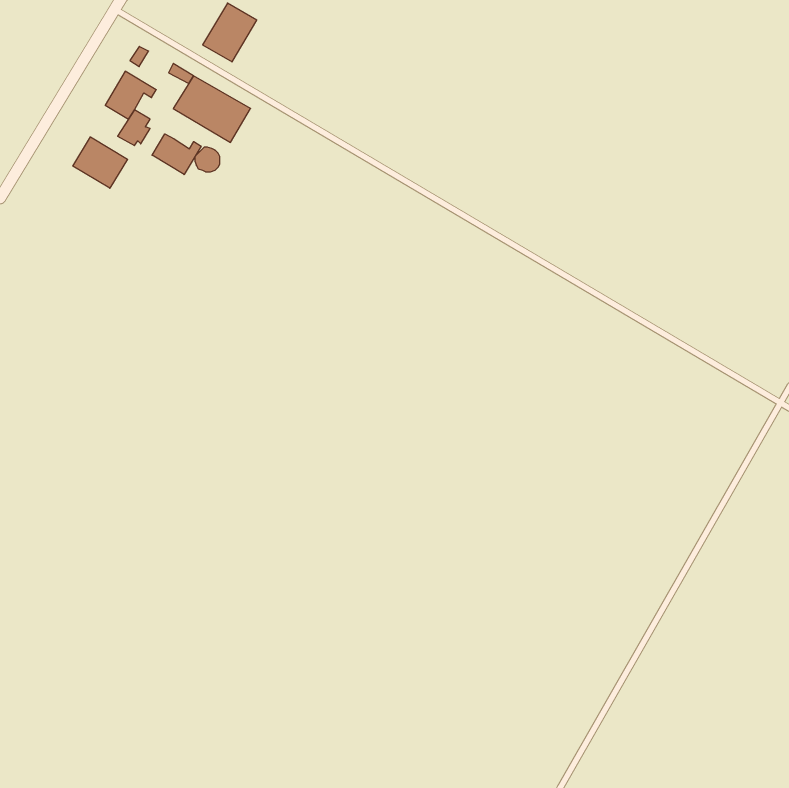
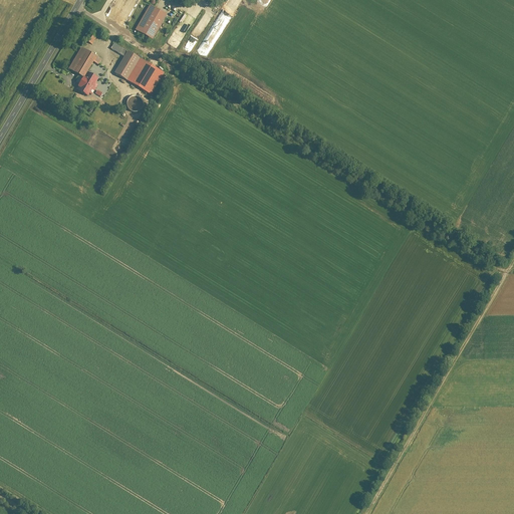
building: [152,134,201,175] -> none
building: [73,137,128,188] -> none

